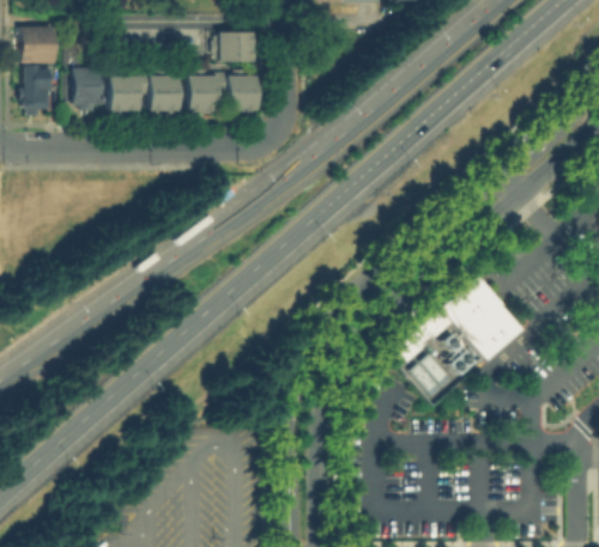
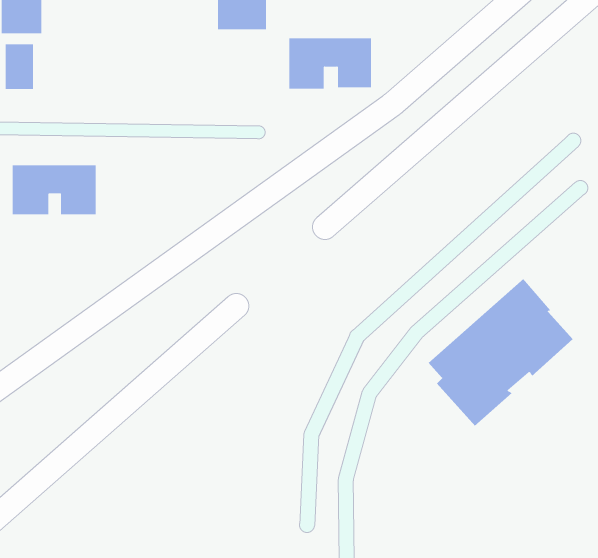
building: [108,69,181,113] -> [12,165,96,215]
building: [187,69,259,114] -> [288,38,372,89]
building: [74,71,102,110] -> none

